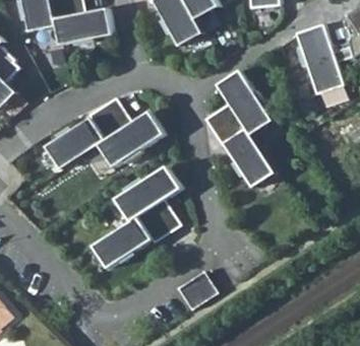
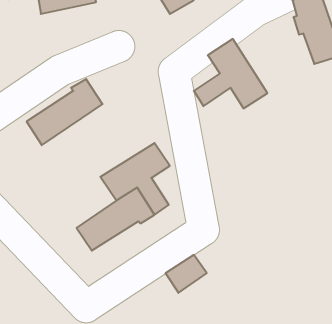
building: [98,97,164,166] -> none
building: [212,115,274,187] -> none

